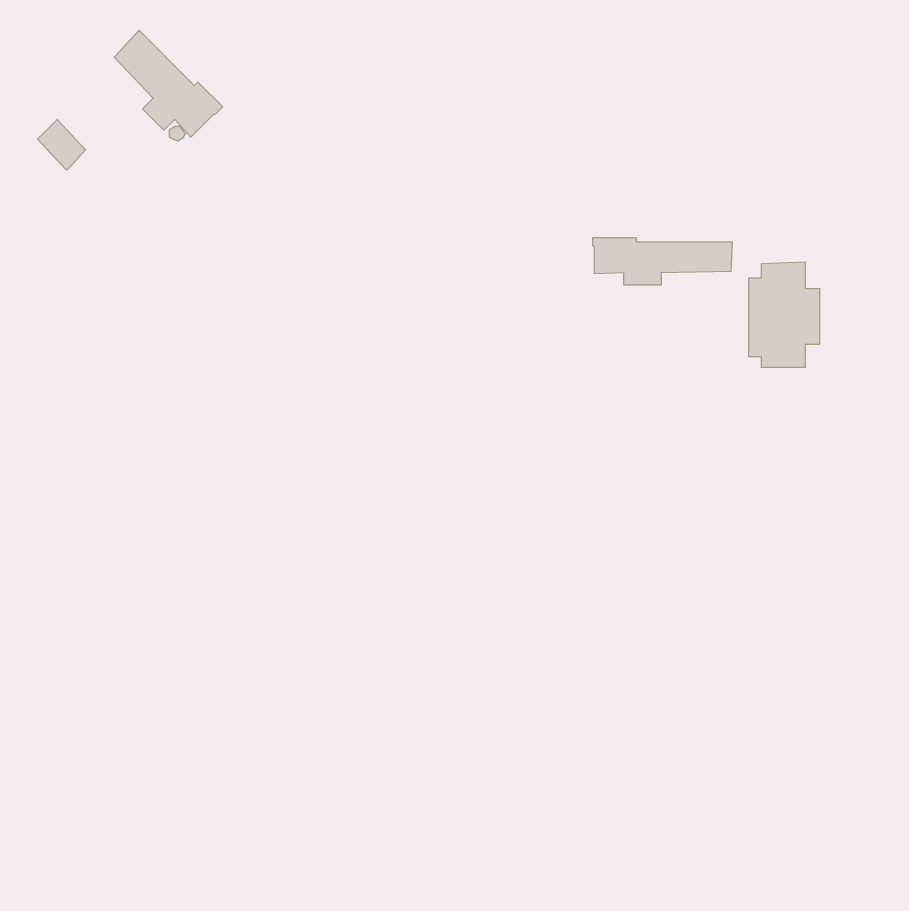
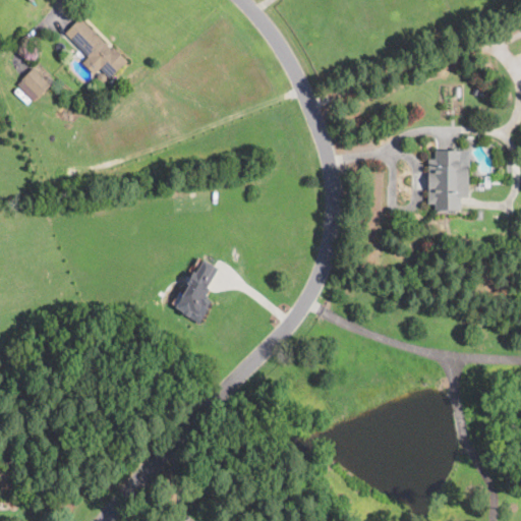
building: [593,238,732,285] -> none
building: none -> [176,259,218,316]

